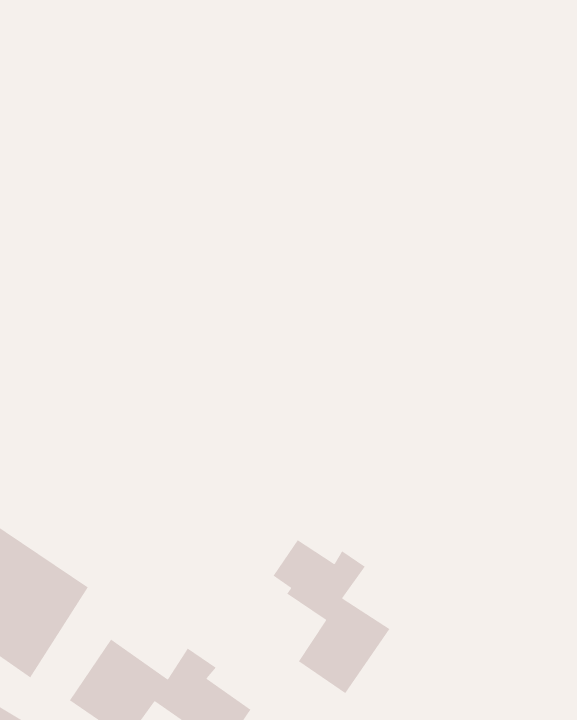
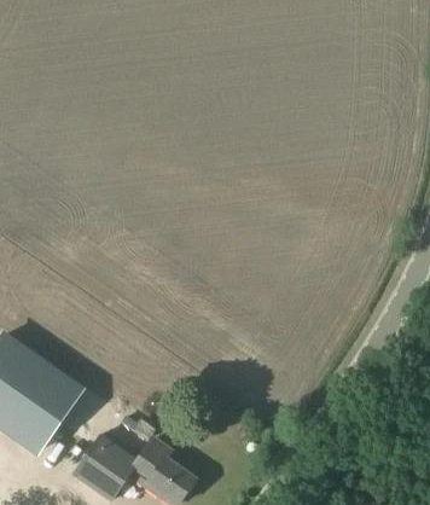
building: [273,539,391,694] -> none

